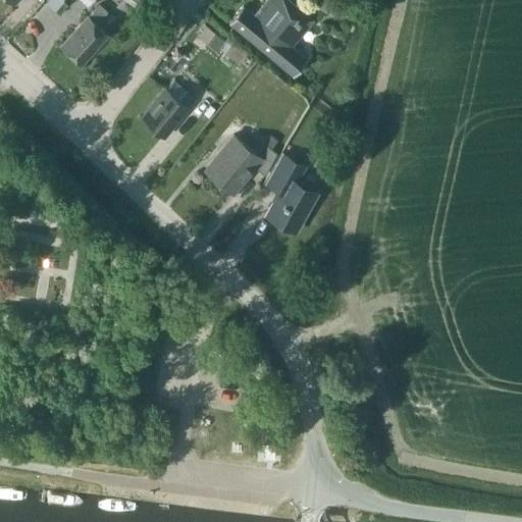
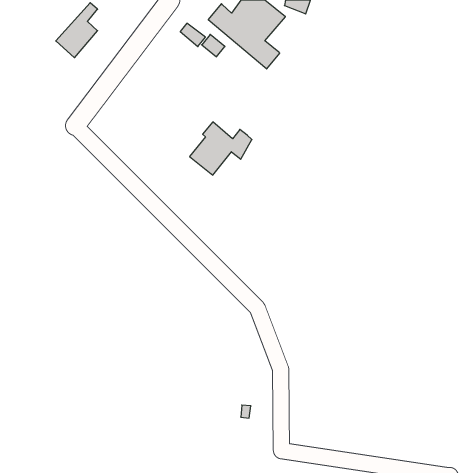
building: [142,80,188,138] -> none
building: [267,157,315,232] -> none

